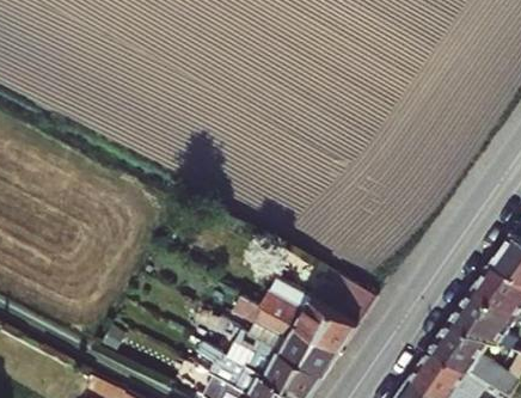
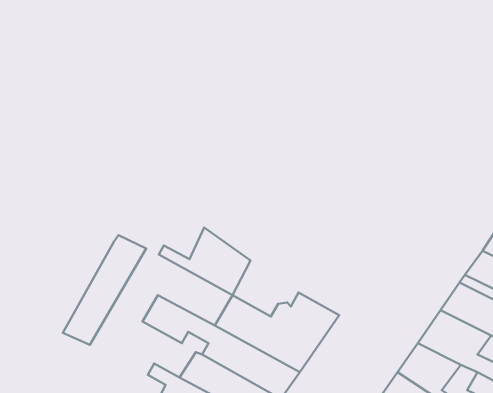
building: none -> [159,228,251,295]
building: none -> [63,235,146,345]

